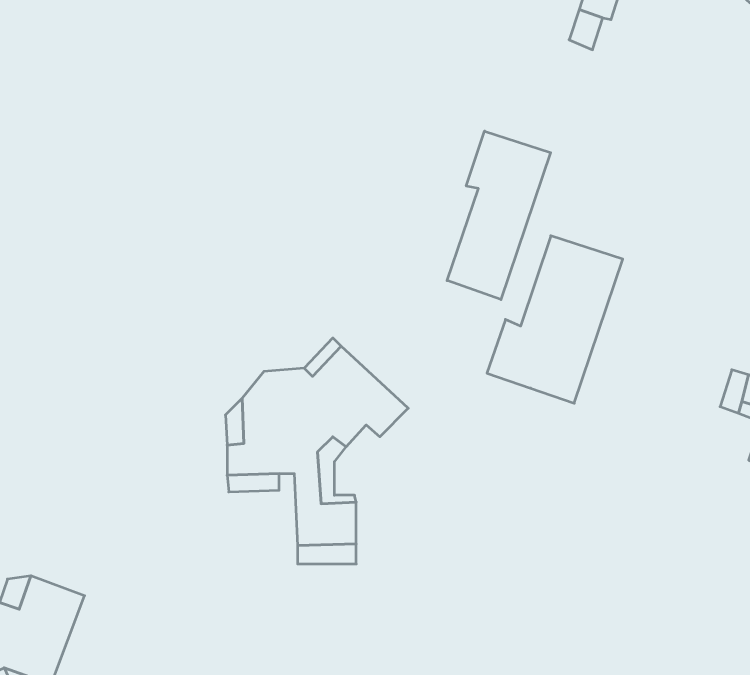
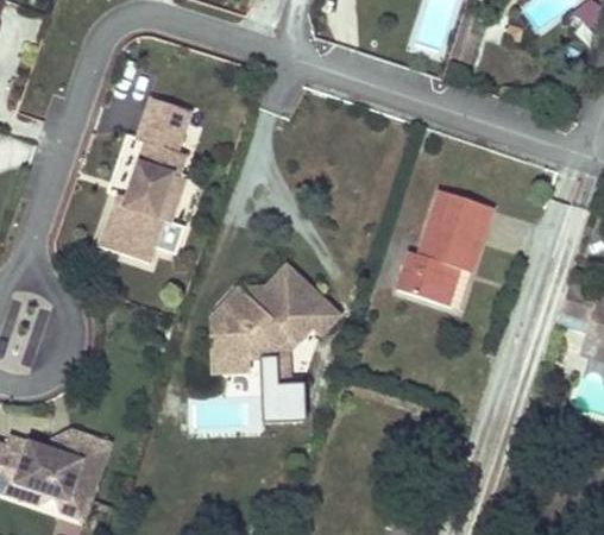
building: none -> [100,95,193,260]
building: [447,131,551,300] -> none

